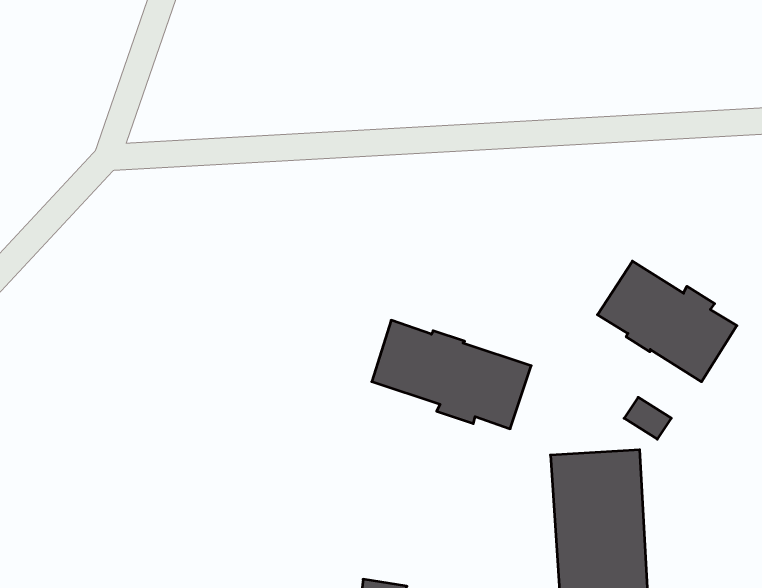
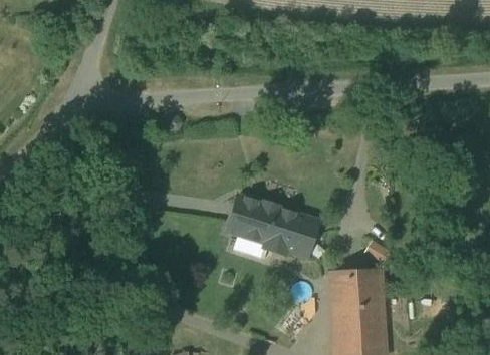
building: [597,261,737,382] -> none

